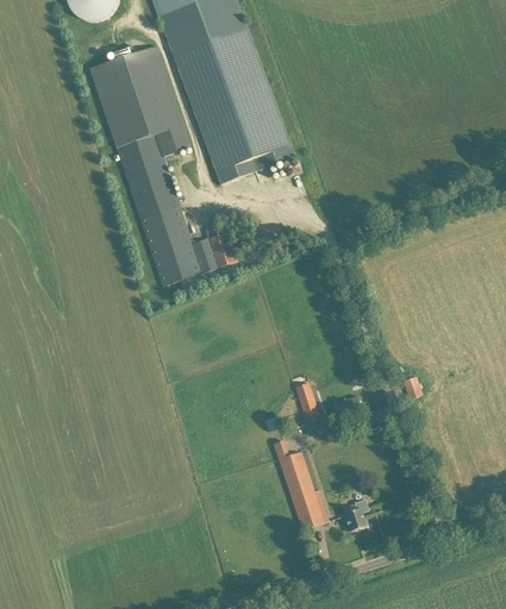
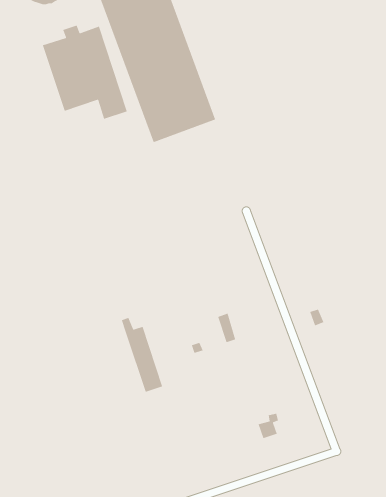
building: [115,132,237,284] -> none
building: [274,439,324,528] -> [121,317,163,393]

